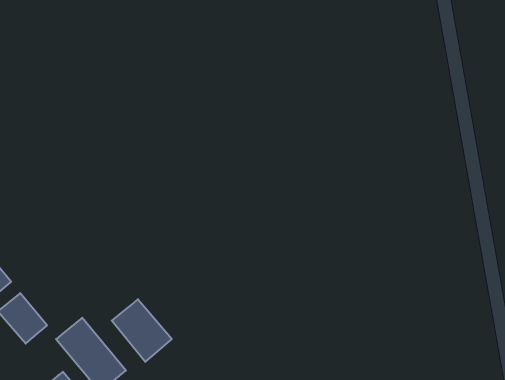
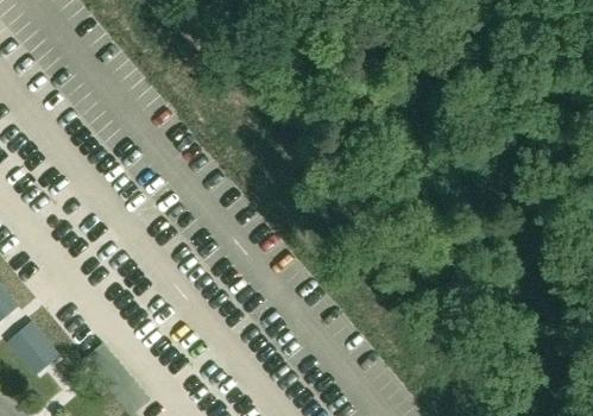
building: [112,299,172,362] -> none

